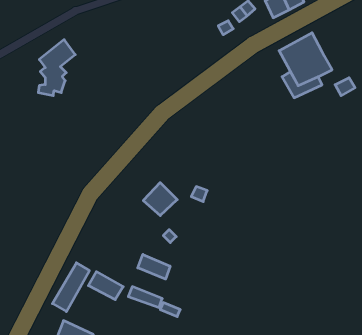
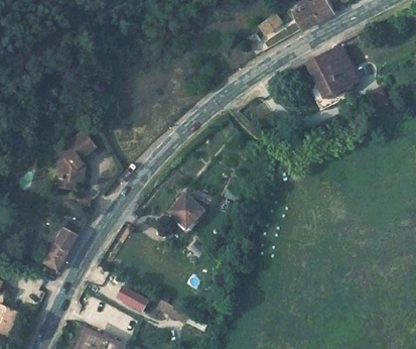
building: [38,40,75,96] -> [53,126,91,183]
building: [138,254,170,279] -> none
building: [52,263,89,312] -> [42,221,80,270]

